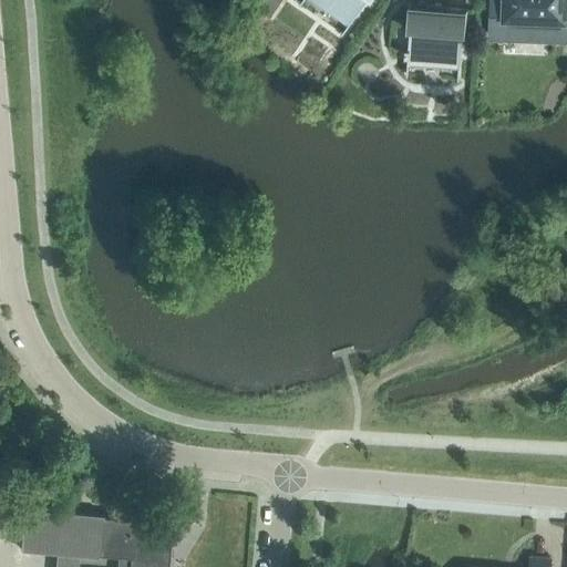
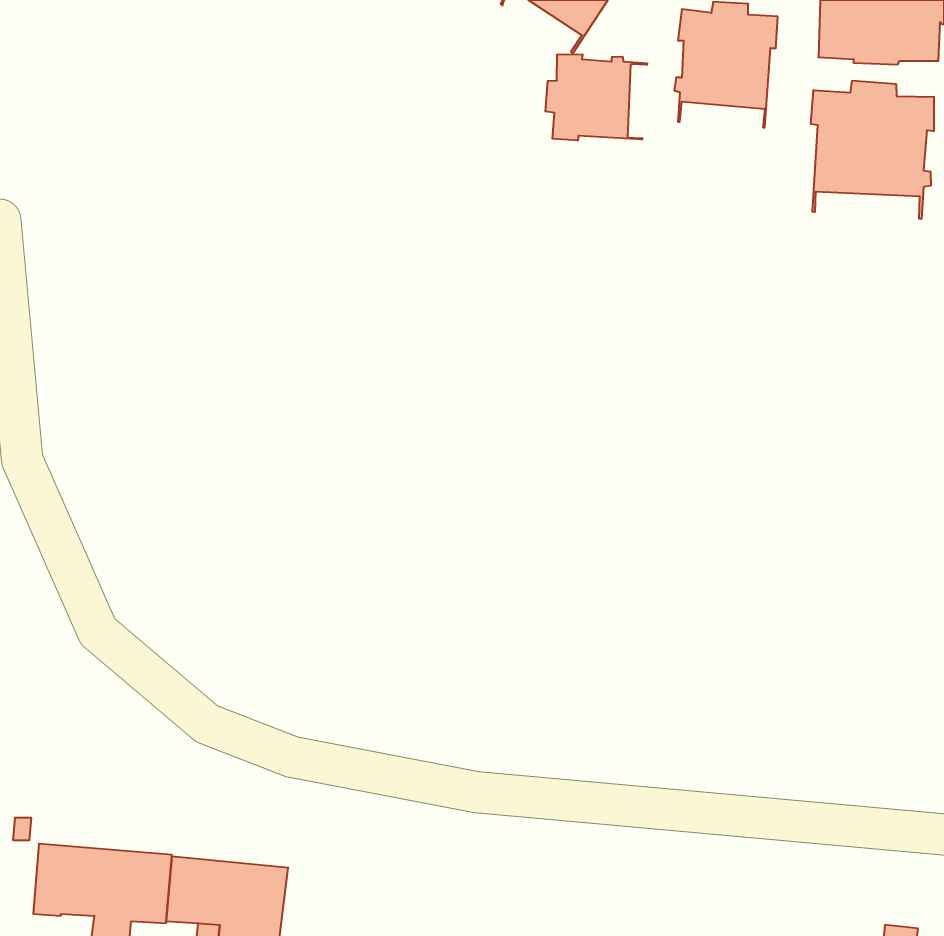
building: none -> [546,54,647,141]
building: none -> [811,81,934,219]

